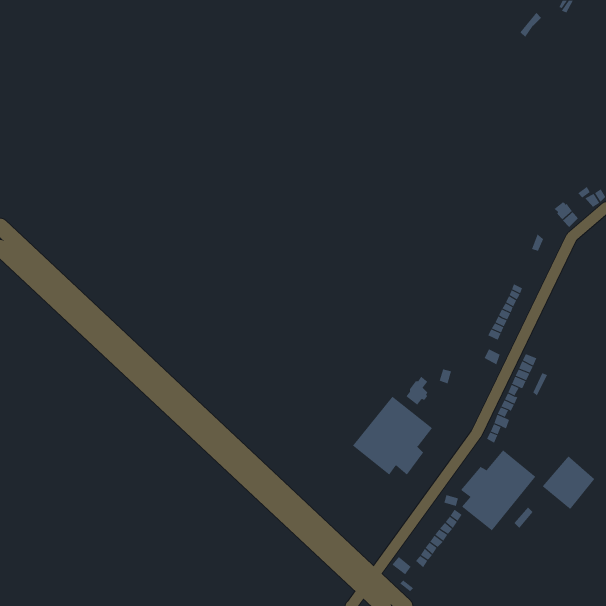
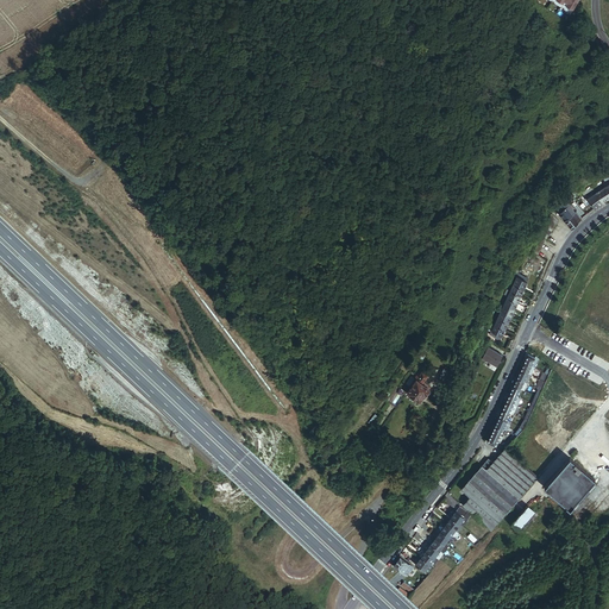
building: [352,396,433,476] -> none

